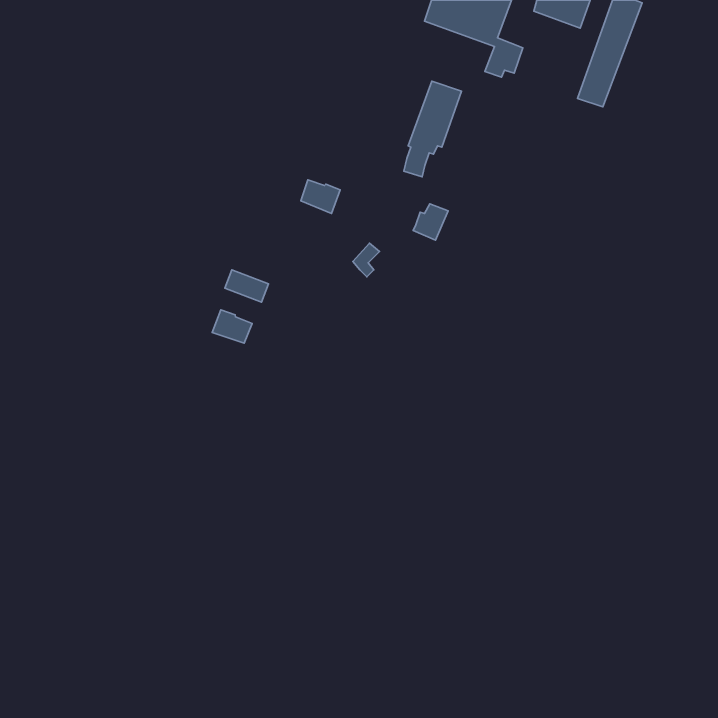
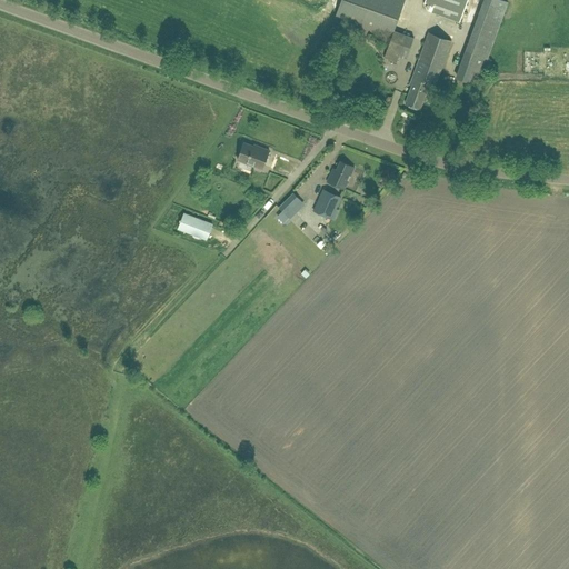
building: [404,81,461,177] -> [406,33,451,109]
building: none -> [312,188,342,223]
building: [212,310,252,343] -> none

